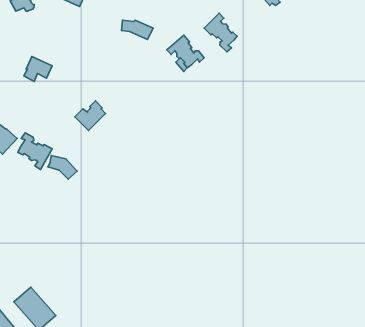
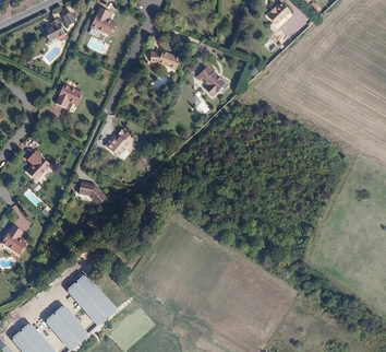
building: [204,13,237,52] -> none
building: [18,133,52,169] -> none
building: none -> [68,275,113,324]

